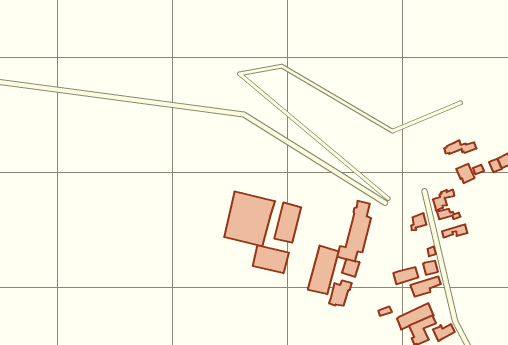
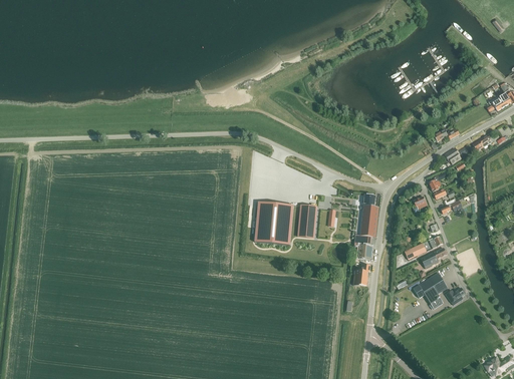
building: [253,245,289,273] -> none
building: [308,245,339,294] -> none

